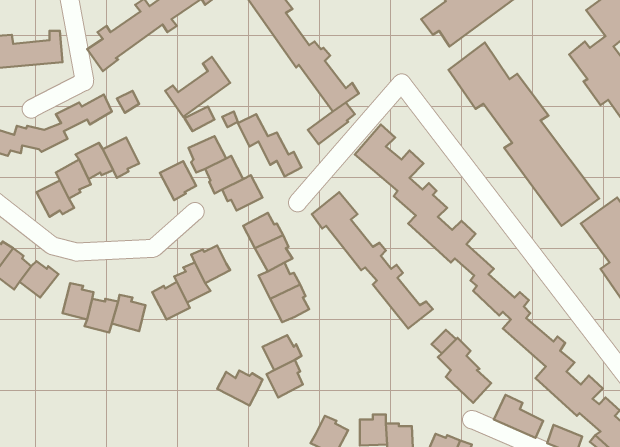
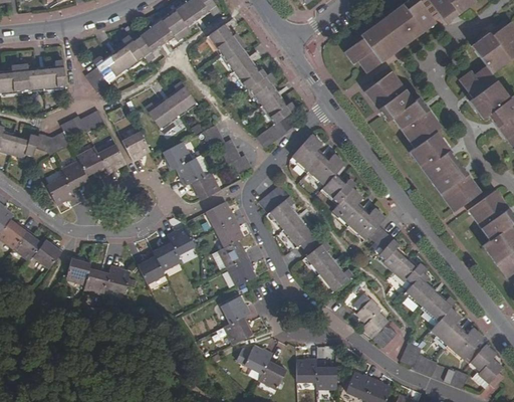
building: [160,161,196,200] -> [121,132,150,162]
building: [217,371,263,406] -> [237,346,272,373]

